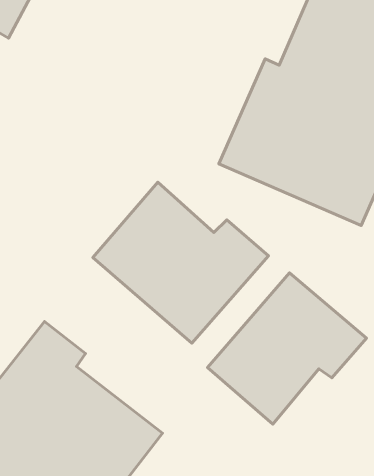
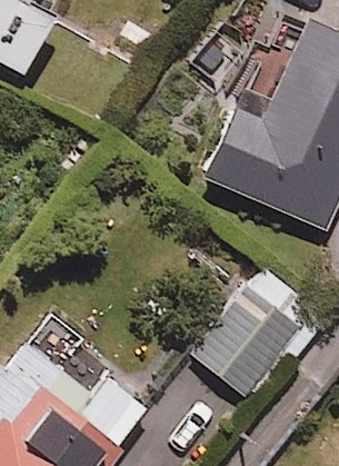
building: [93,182,269,343] -> none

